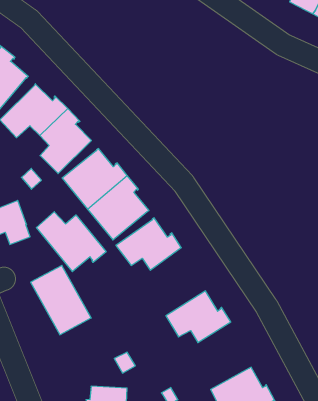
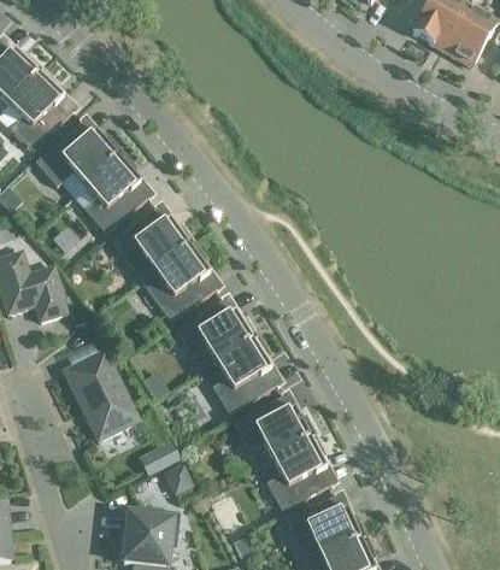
building: [36,212,106,272] -> none
building: none -> [212,337,280,415]
building: none -> [266,435,334,511]
building: none -> [146,440,184,474]

